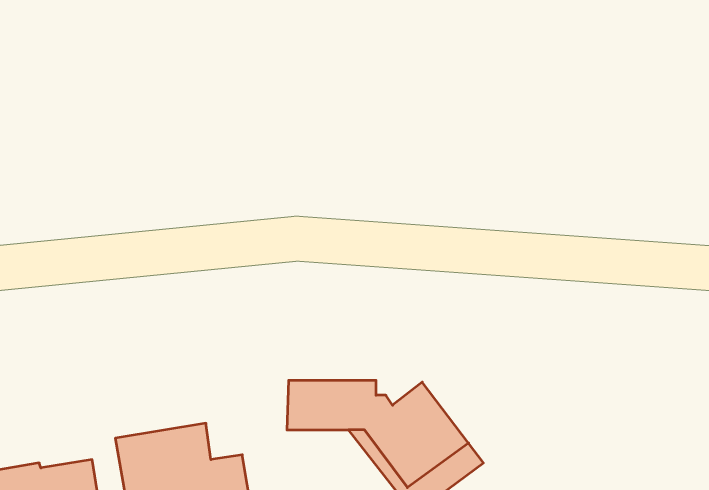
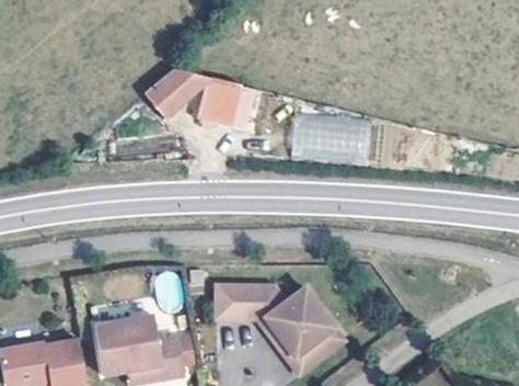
building: none -> [146,65,241,124]

